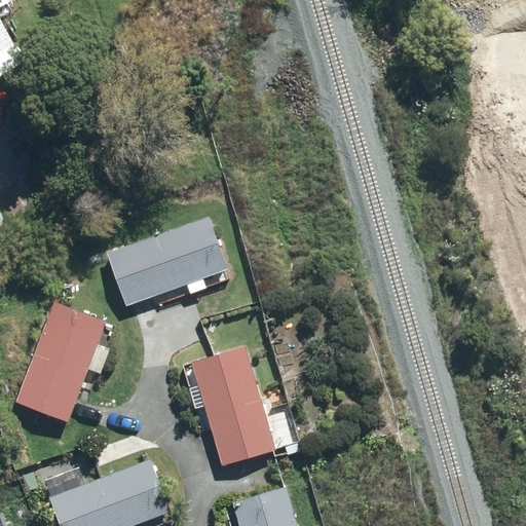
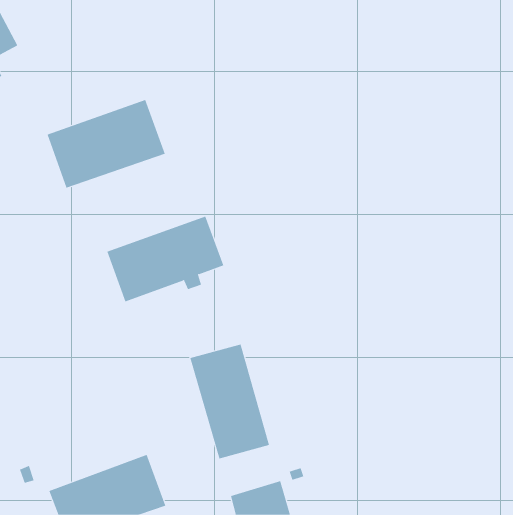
building: none -> [47,99,165,188]
building: [14,302,105,423] -> none

